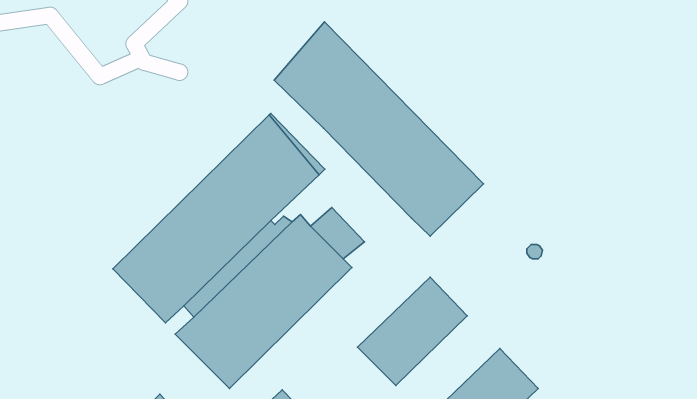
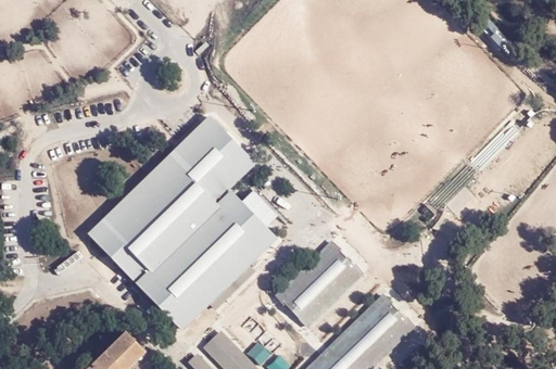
building: [274,22,483,236] -> none

